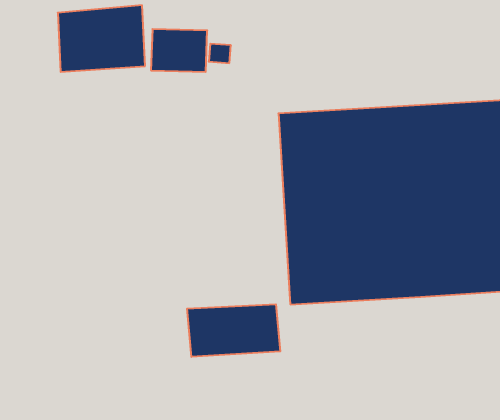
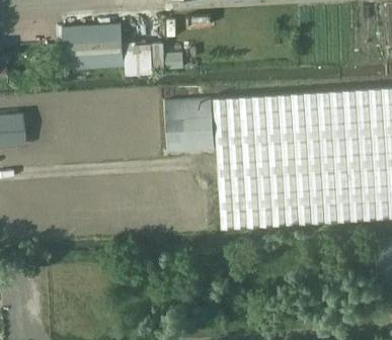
building: none -> [164,99,215,154]
building: [187,304,280,357] -> none

